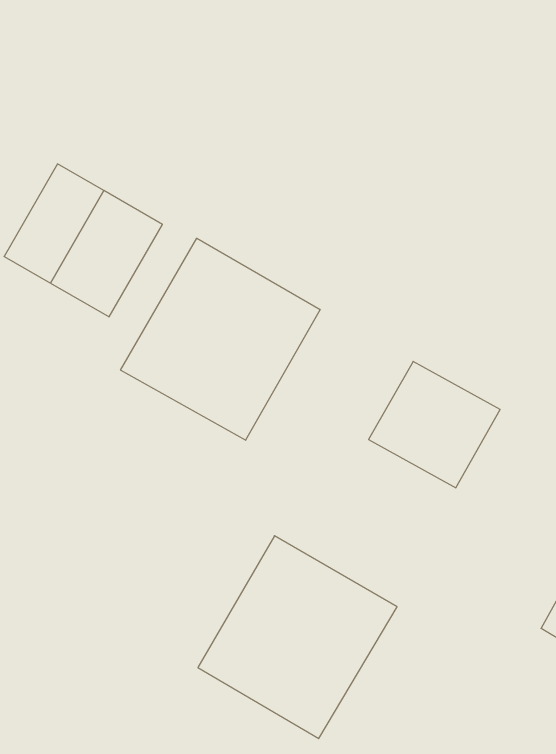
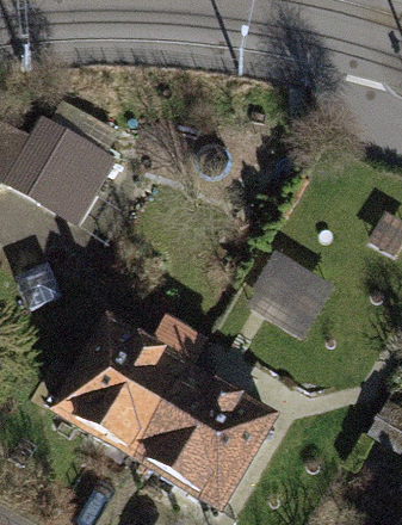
building: [121,238,320,440] -> none
building: none -> [55,321,190,458]

